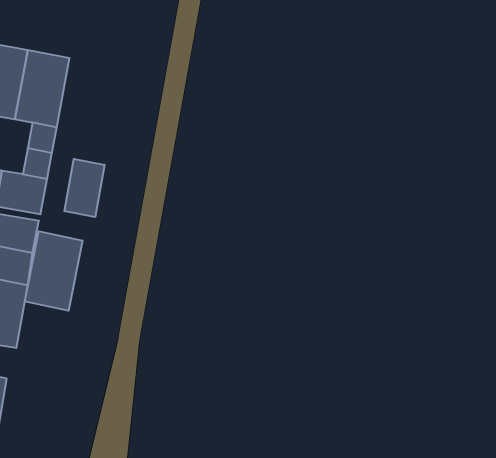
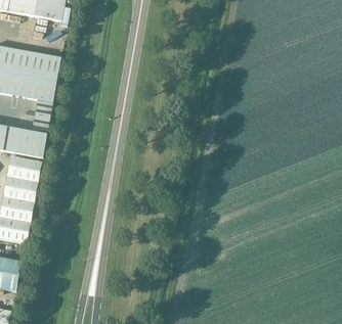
building: [64,159,105,217] -> none
building: [25,231,83,311] -> none

